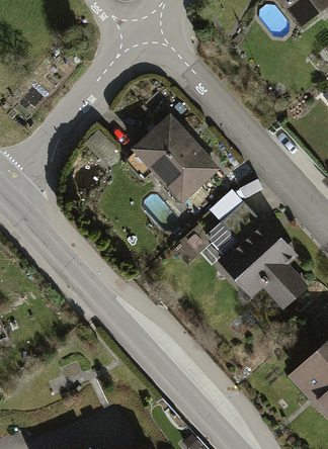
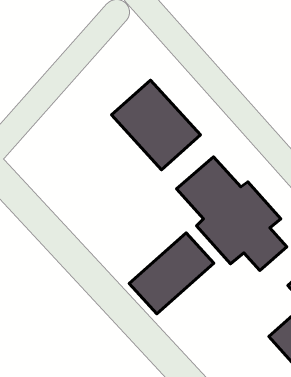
building: none -> [129,233,214,314]

